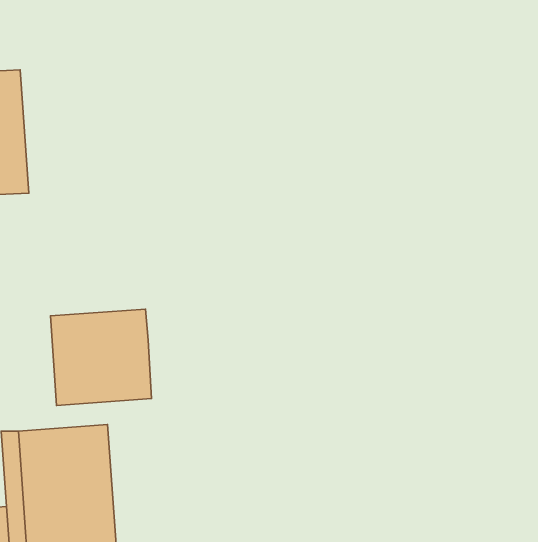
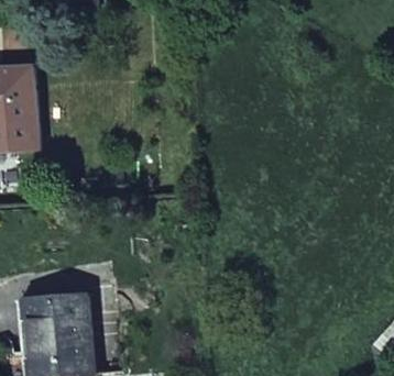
building: [50,309,151,405] -> none

